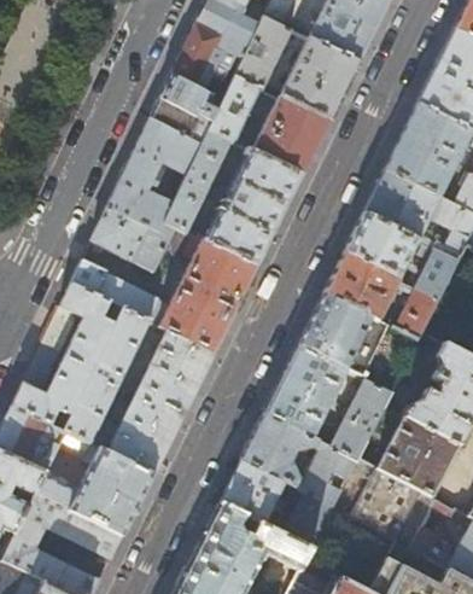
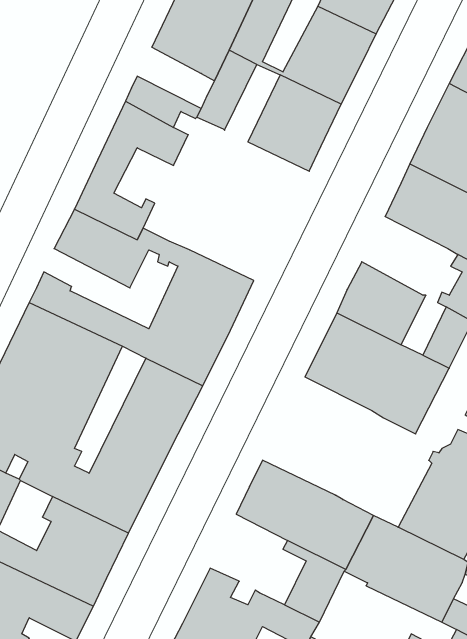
building: [160,72,218,123] -> none
building: [165,130,232,233] -> none
building: [204,148,303,266] -> none
building: [346,212,417,278] -> none
building: [264,345,355,443] -> none
building: [331,379,391,460] -> none
building: [221,459,285,524] -> none

